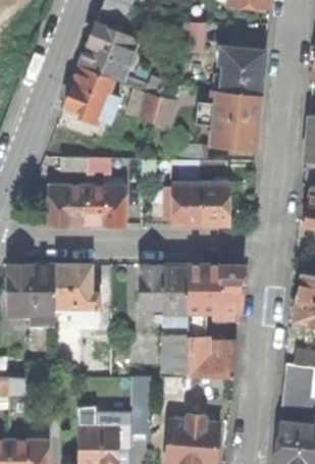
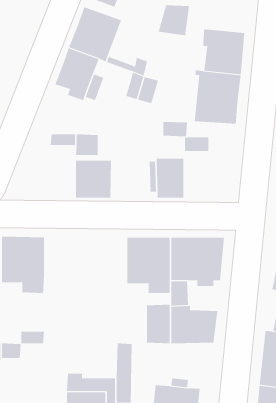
building: [201,183,228,224] -> none
building: [50,185,87,224] -> none
building: [55,265,98,319] -> none

